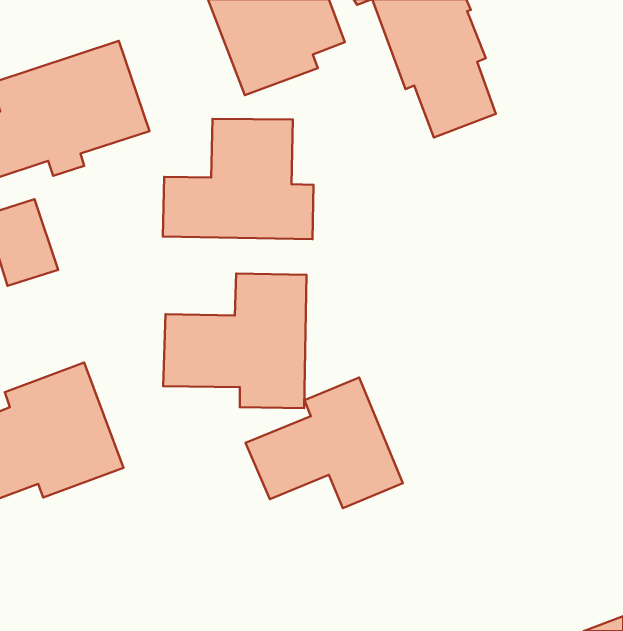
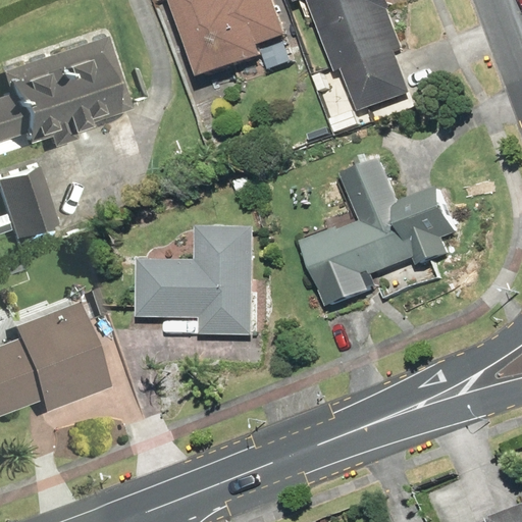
building: [163,119,314,239] -> none
building: none -> [299,159,455,307]
building: [245,378,403,508] -> none

